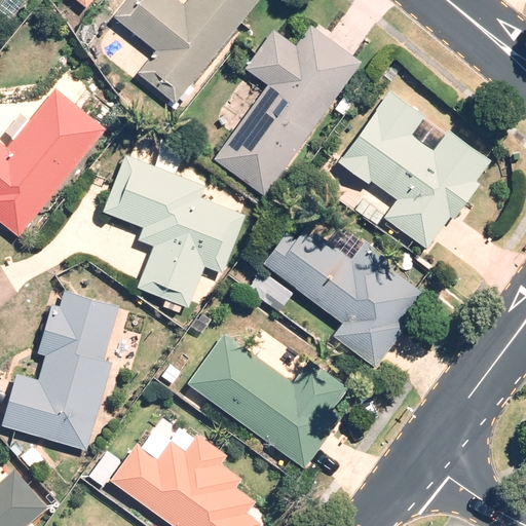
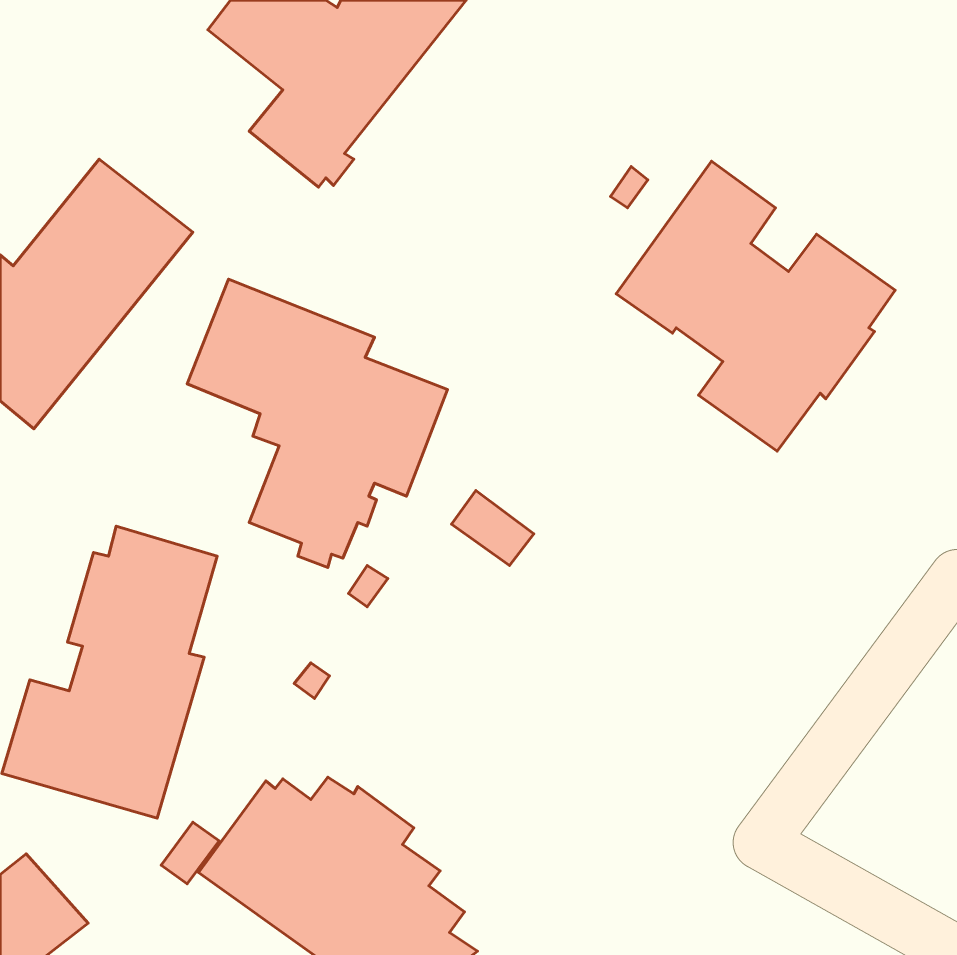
building: [214,26,362,196] -> none
building: [261,225,424,368] -> none
building: [187,333,348,468] -> none

